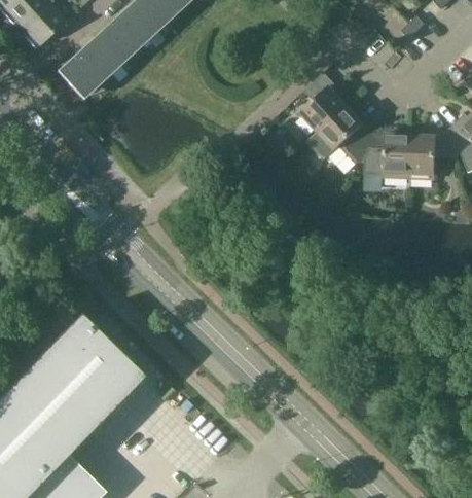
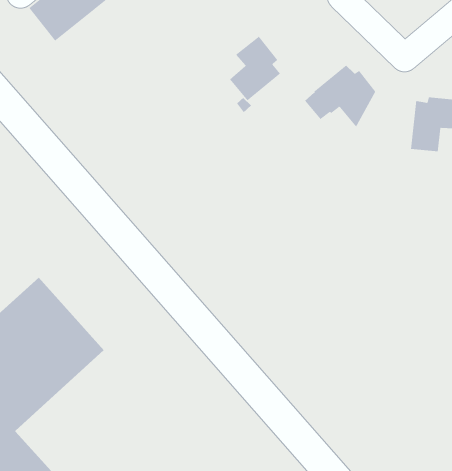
building: [300,72,347,132] -> [229,36,281,101]
building: [359,128,411,178] -> none

